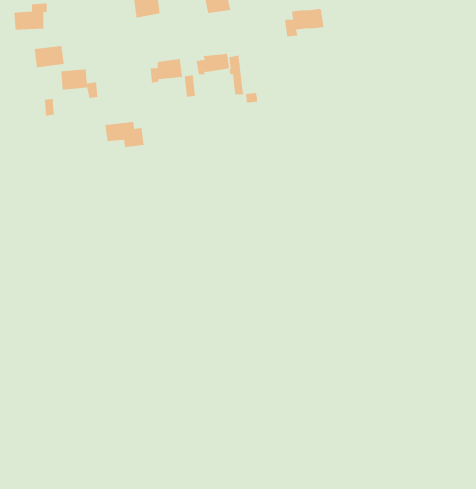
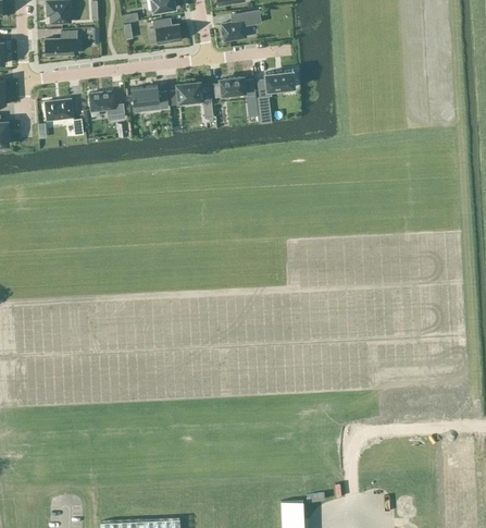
building: [284,7,324,37] -> [258,70,295,97]
building: [34,45,64,68] -> [45,99,73,120]
building: [104,121,144,147] -> [130,86,167,110]

